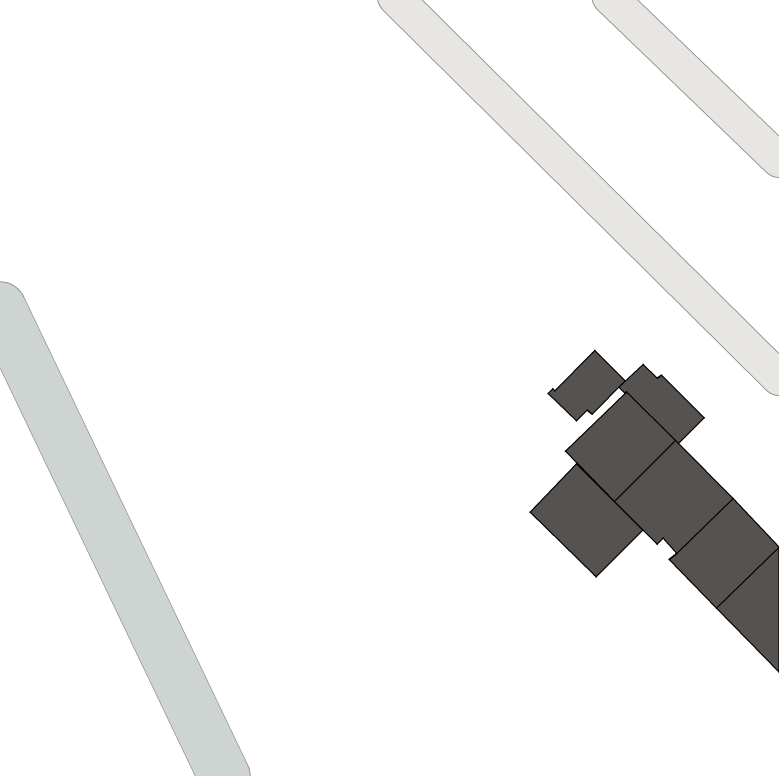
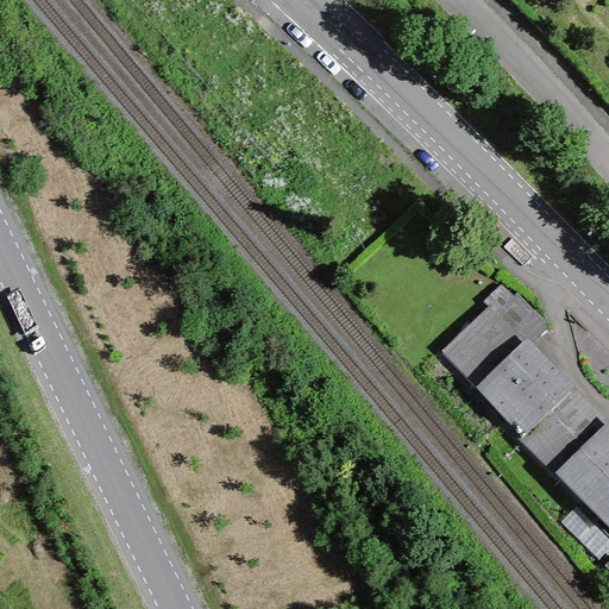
building: [548,350,625,421] -> none
building: [530,464,643,577] -> none

